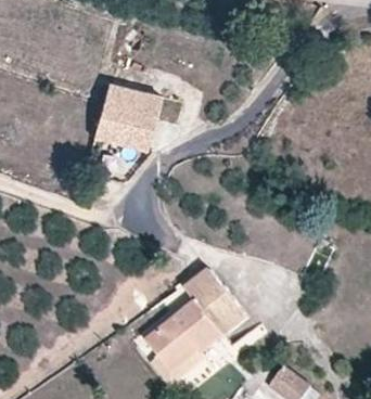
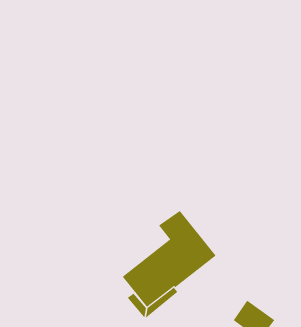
building: [92,85,149,141] -> none

